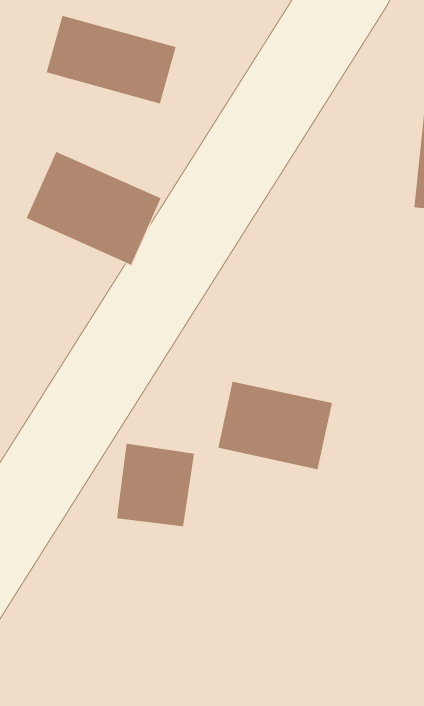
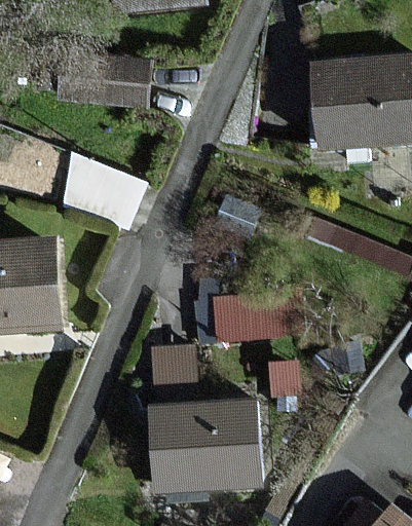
building: none -> [151,402,257,490]

